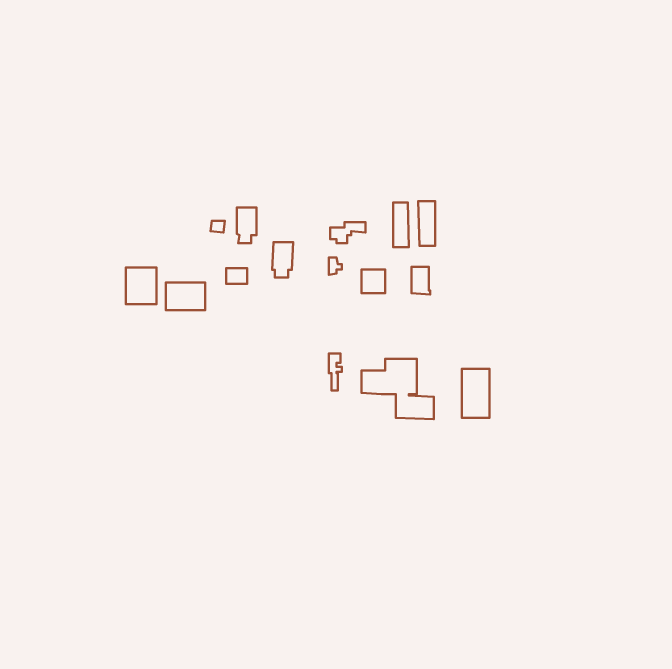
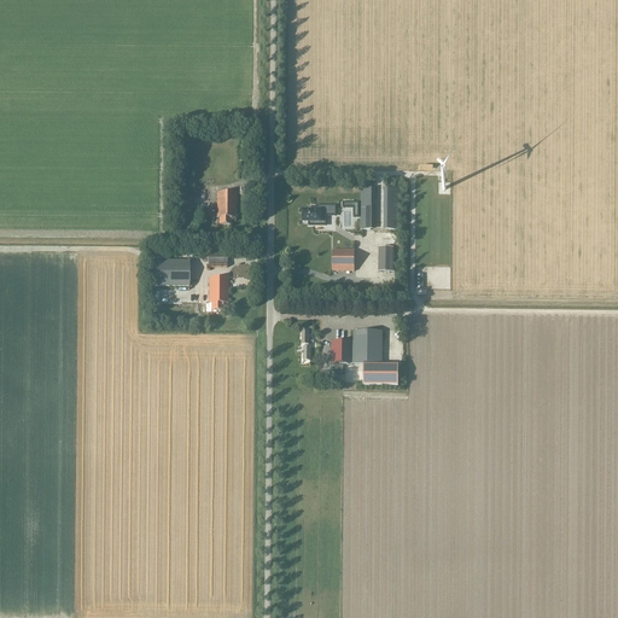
building: [272,242,293,278] -> [209,276,228,309]
building: [126,267,156,304] -> none
building: [462,369,490,418] -> none

